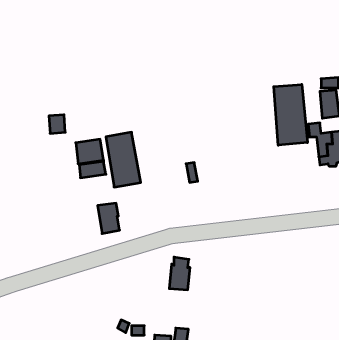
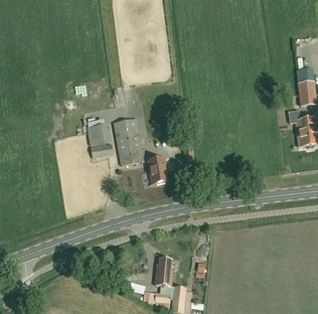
building: [274,84,307,145] -> none
building: [98,203,120,234] -> [147,156,166,182]
building: [169,257,190,290] -> [154,257,172,285]

